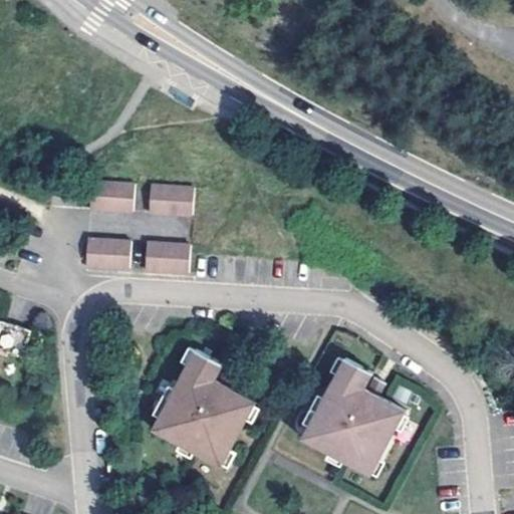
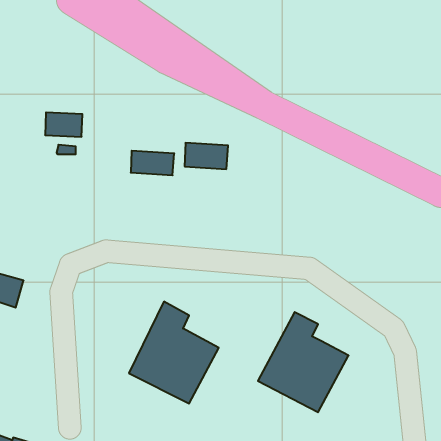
building: [93,175,137,203] -> [45,112,82,137]
building: [88,236,133,265] -> none
building: [147,240,197,270] -> [185,143,228,169]

